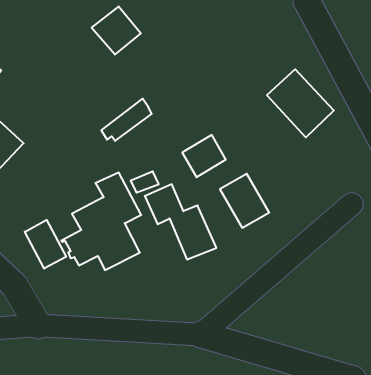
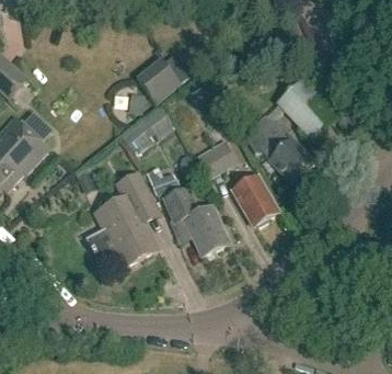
building: [92,6,141,55] -> [135,57,181,102]
building: none -> [247,113,314,183]
building: [25,220,66,269] -> none

